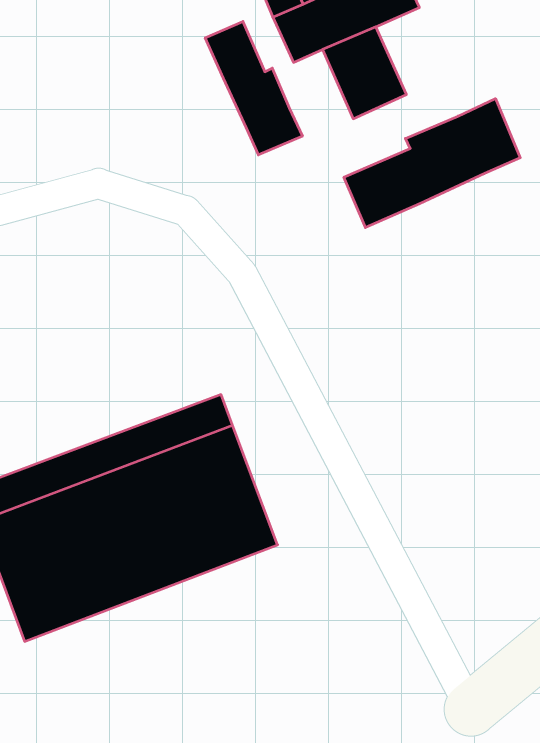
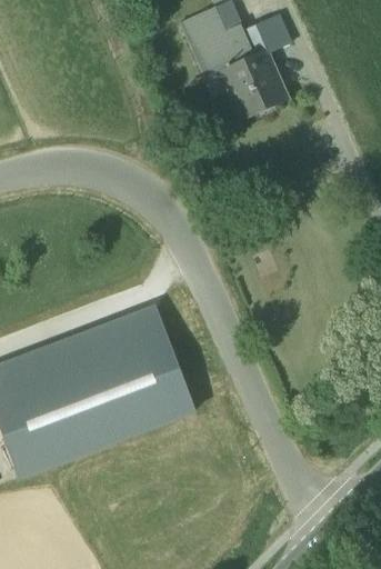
building: [205,21,302,155] -> none
building: [344,99,520,228] -> none

